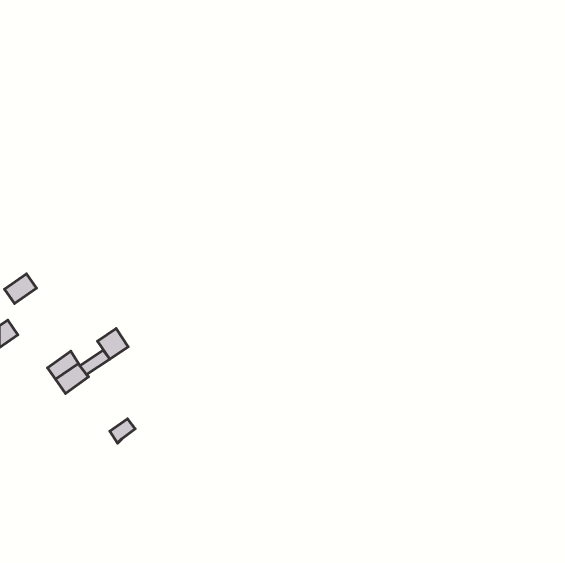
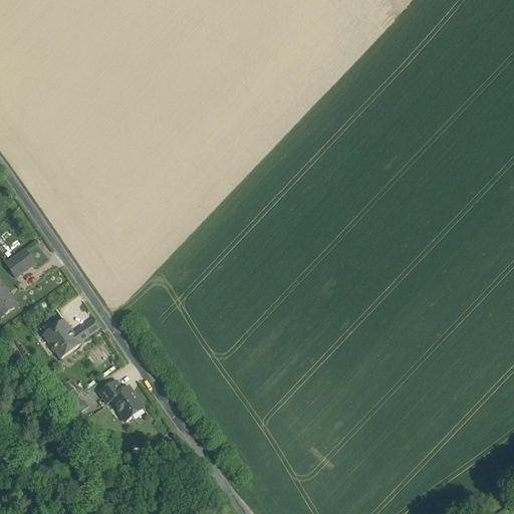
building: [98,329,128,359] -> none
building: none -> [110,388,143,420]

